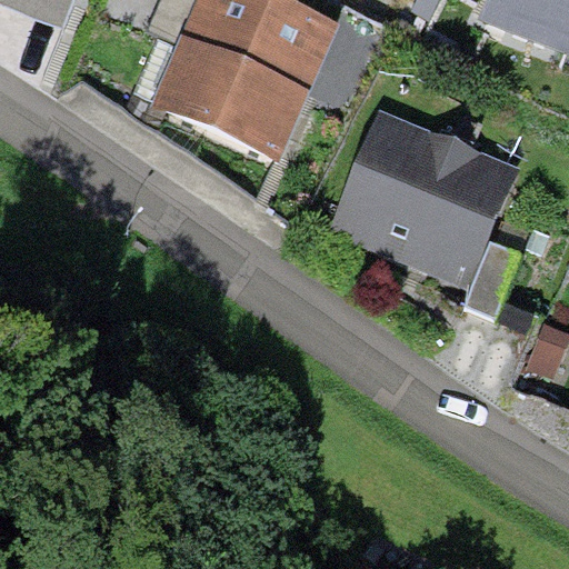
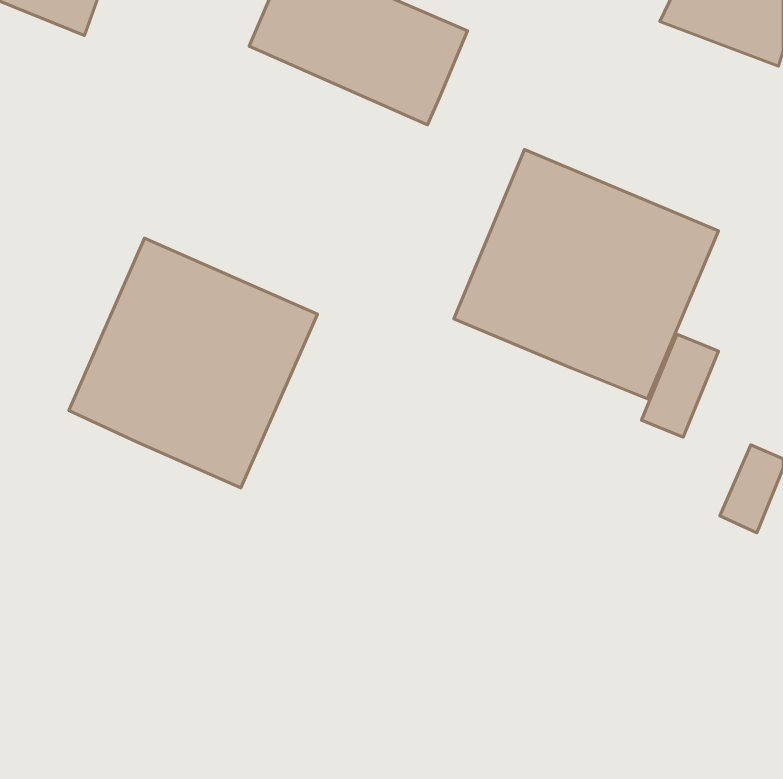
building: [149,33,309,160] -> none
building: none -> [69,238,318,488]

